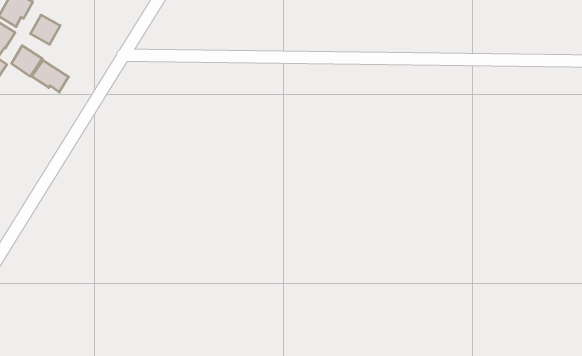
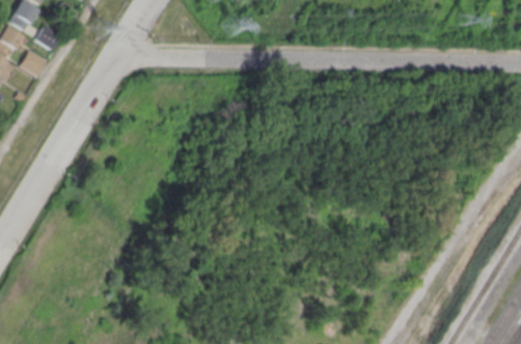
building: [32,60,69,92] -> none

